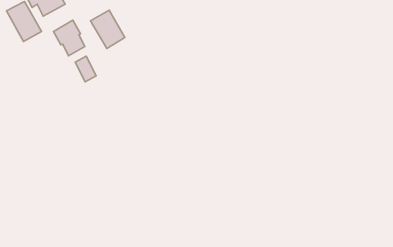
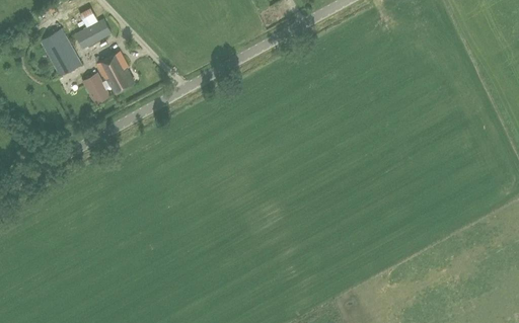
building: [91,10,125,49] -> none
building: [75,56,96,82] -> [84,73,109,103]

